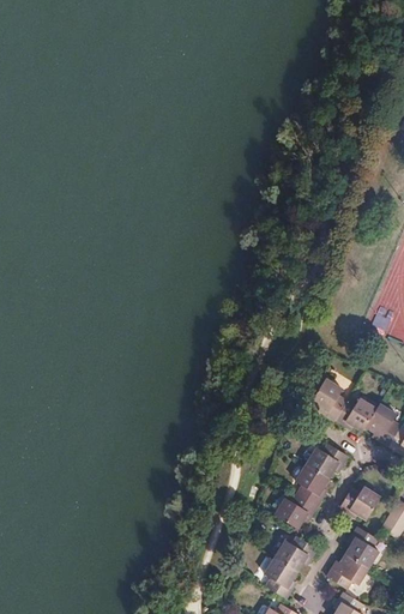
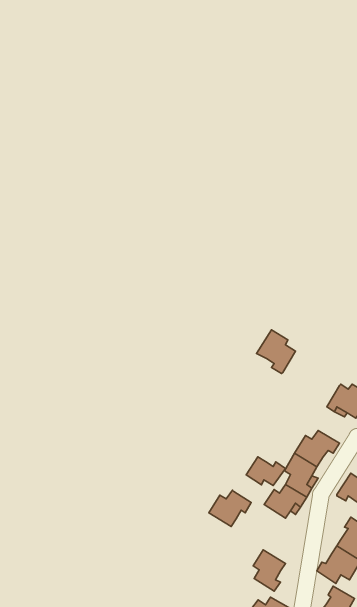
building: [309,379,346,421] -> [257,330,295,374]
building: none -> [246,457,286,486]
building: [273,535,314,570] -> [209,490,251,526]

